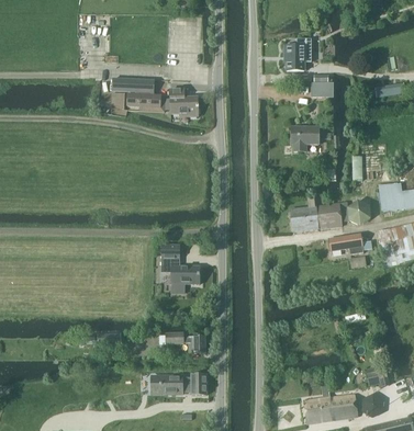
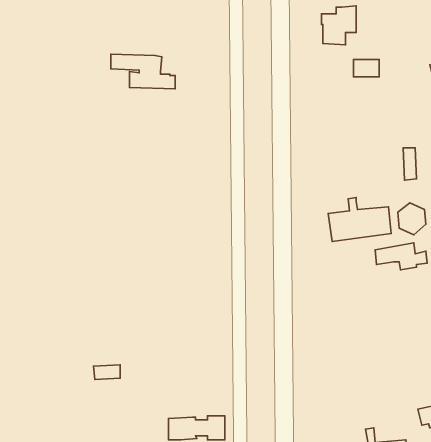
building: [170,88,198,115] -> none
building: [291,126,318,150] -> none
building: [161,245,199,292] -> none
building: [165,331,205,352] -> none

